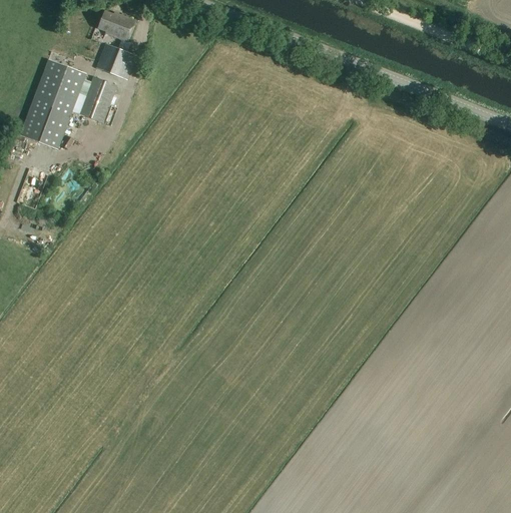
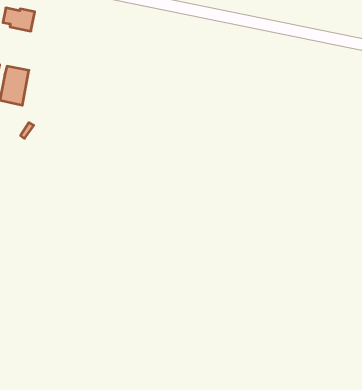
building: [97,43,137,80] -> none

